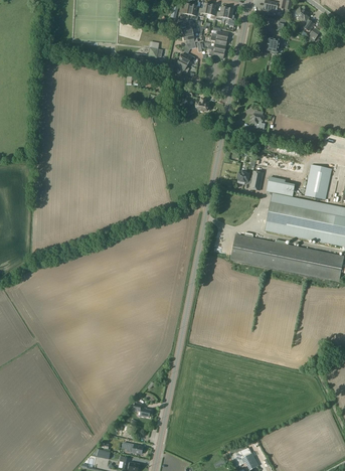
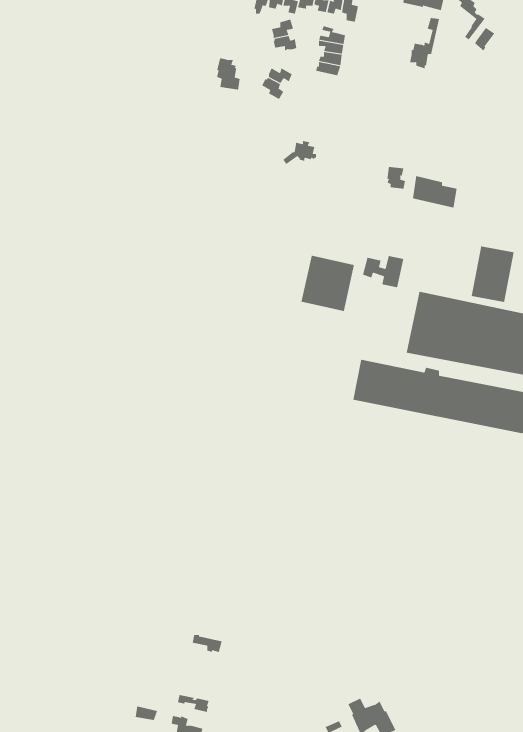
building: none -> [301,255,355,312]
building: [267,176,295,196] -> [412,176,458,208]

